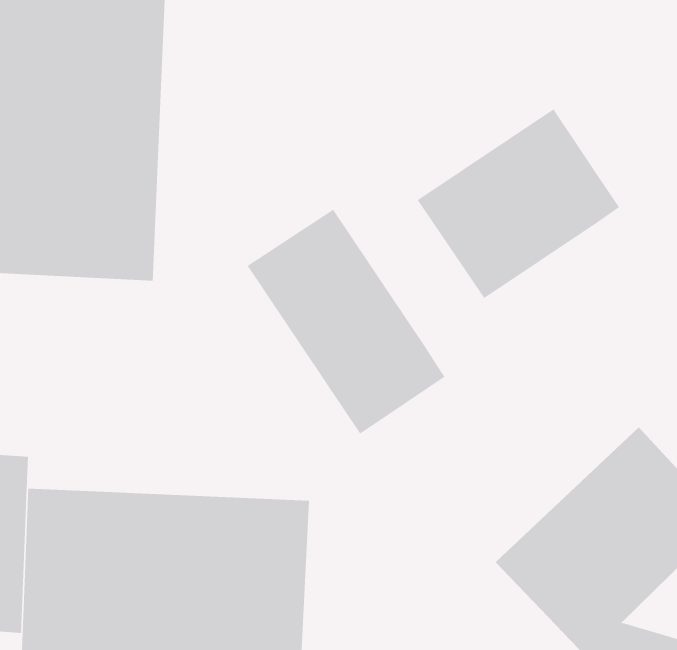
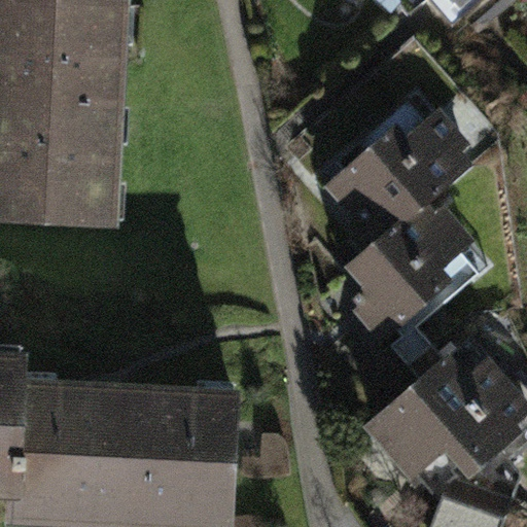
building: [247,209,445,434] -> none
building: none -> [347,186,500,329]

